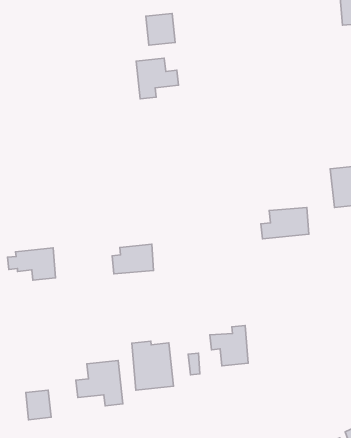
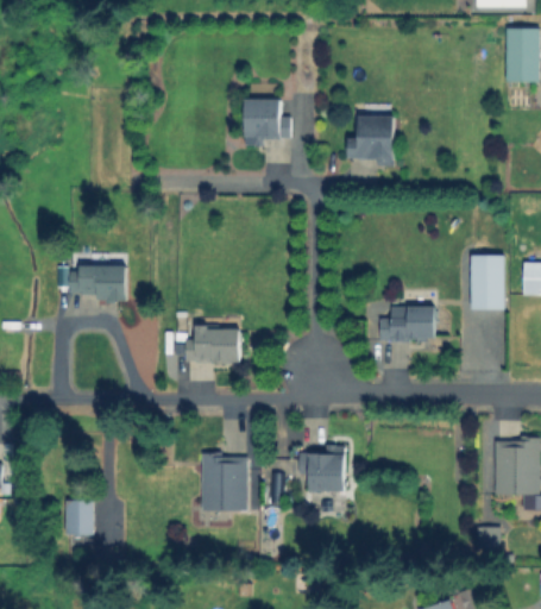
building: [146,13,175,45] -> none
building: none -> [350,117,390,157]
building: [8,248,55,280] -> [70,265,128,303]
building: [76,360,123,406] -> none

